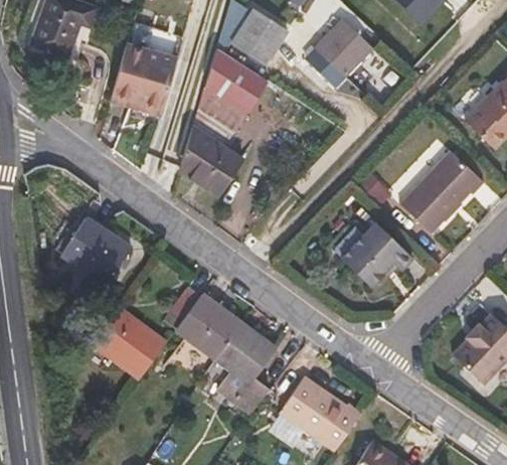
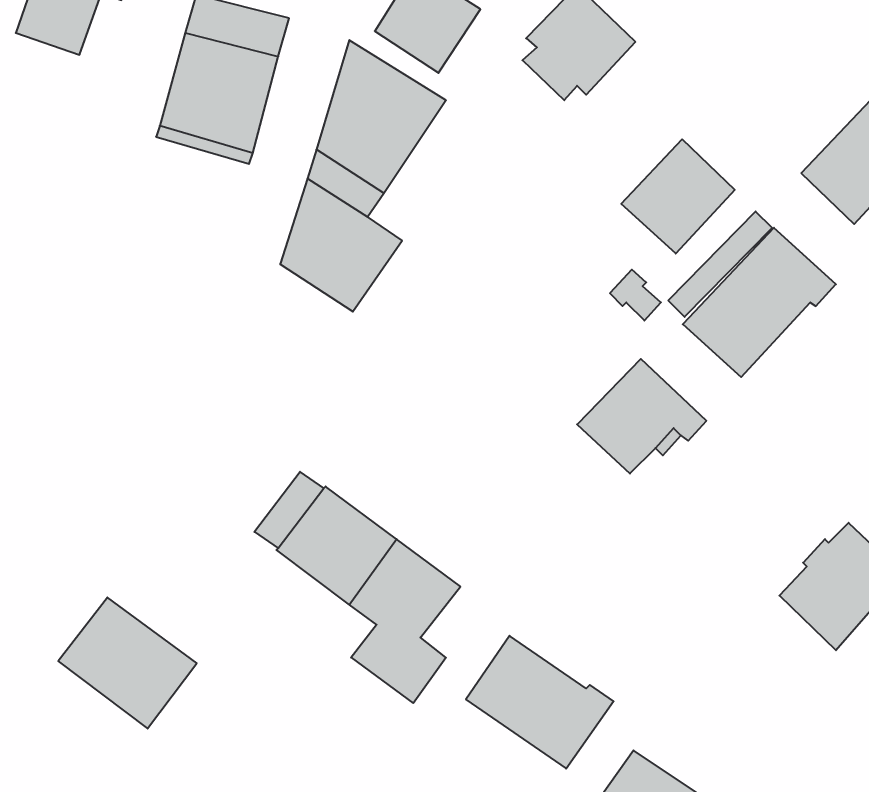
building: none -> [621,139,735,254]
building: [60,215,132,285] -> none
building: [90,306,166,378] -> [58,597,197,729]

